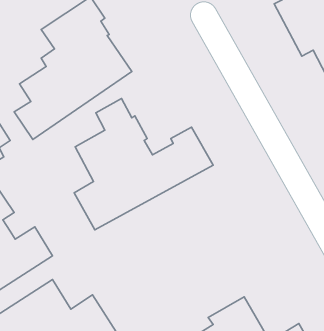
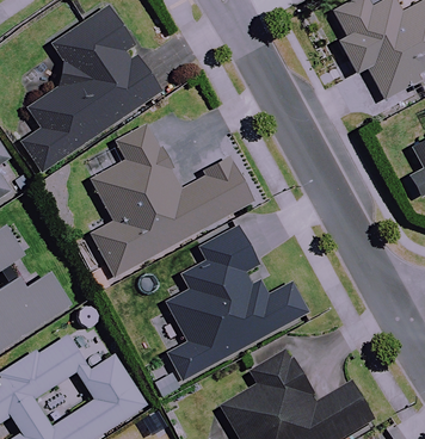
building: none -> [168,227,306,379]

